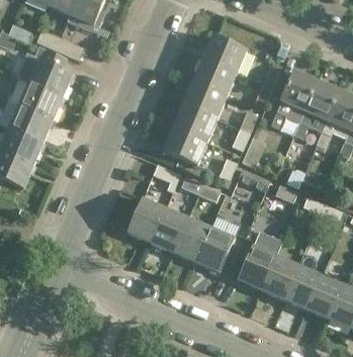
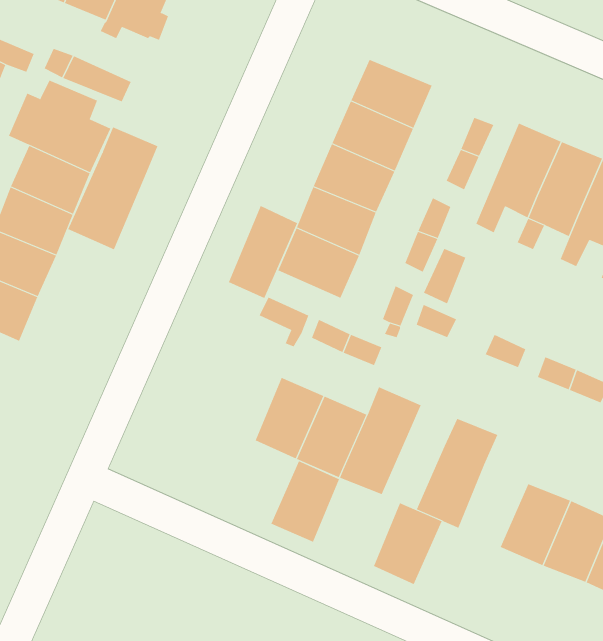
building: none -> [67,127,158,250]
building: none -> [228,205,298,299]
building: [127,197,165,242] -> [271,460,340,543]
building: [261,255,298,299] -> [373,503,442,585]

